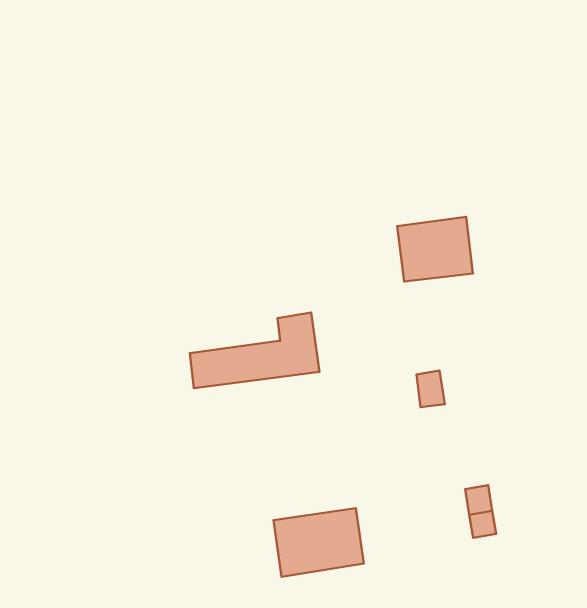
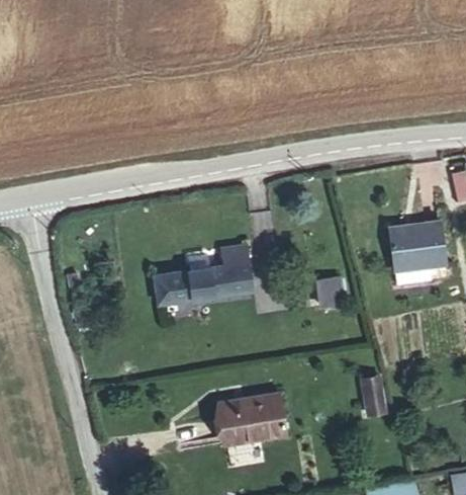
building: [397,217,473,281] -> [389,221,446,269]

